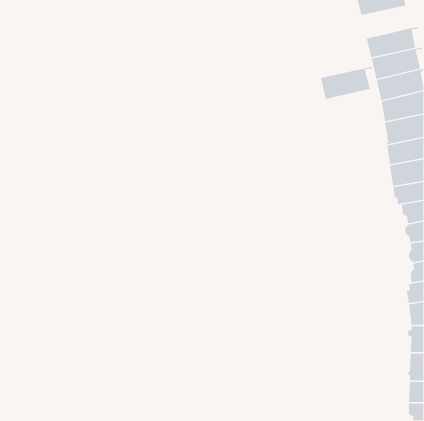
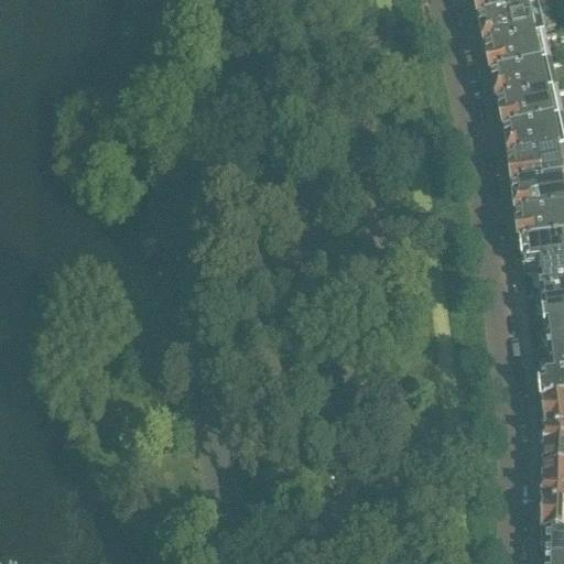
building: [320,66,373,100] -> [479,6,550,51]

